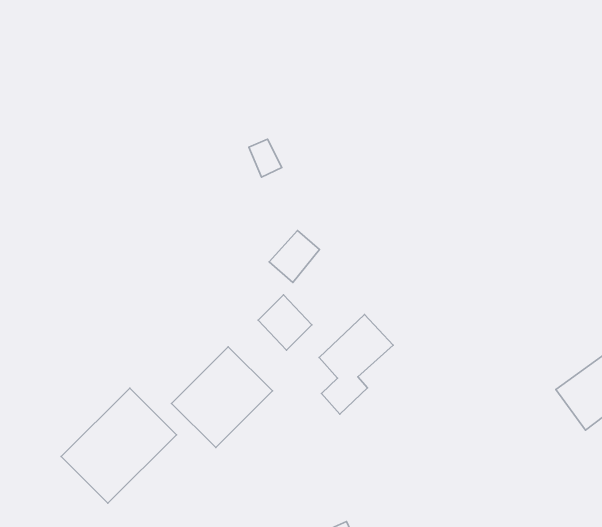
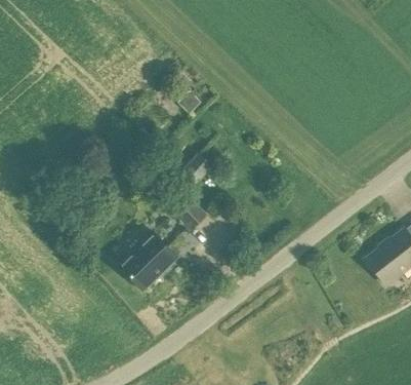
building: [319,315,393,414] -> none
building: [61,388,177,503] -> none

